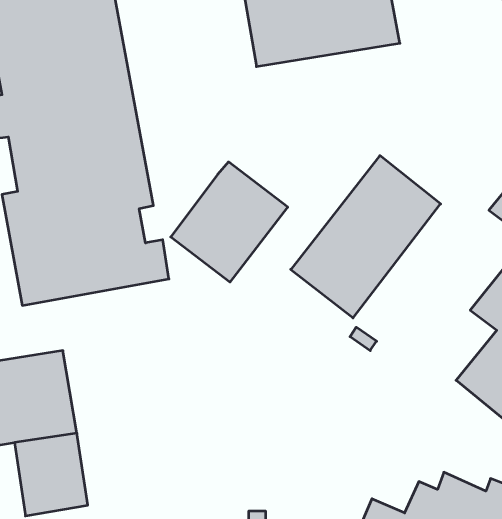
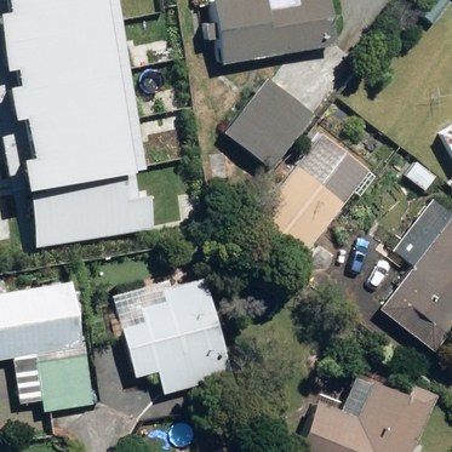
building: [171,162,288,282] -> [224,76,315,170]
building: none -> [114,279,233,391]

